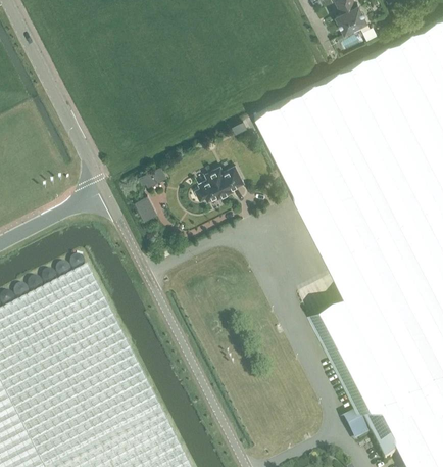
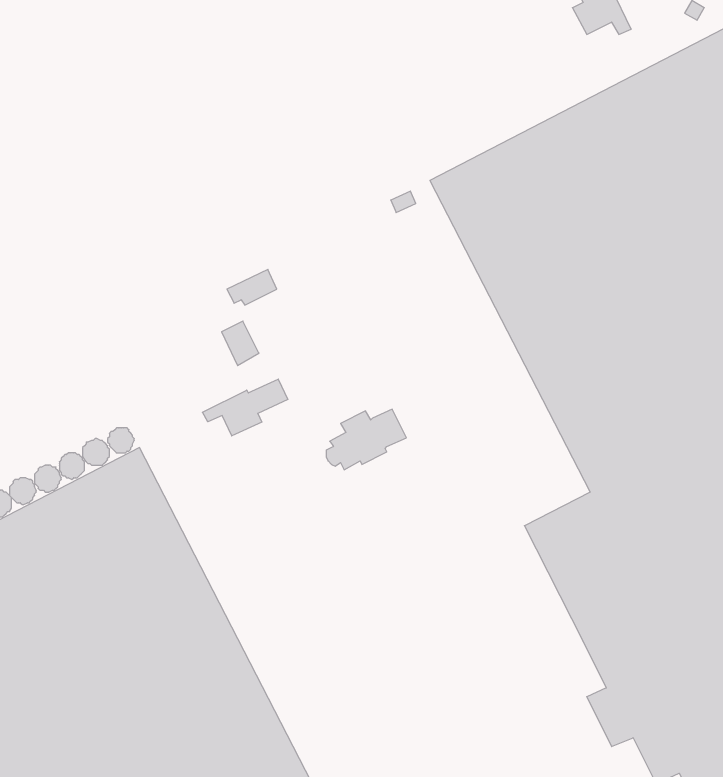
building: [198,170,244,204] -> [326,409,406,470]
building: none -> [202,379,288,436]

